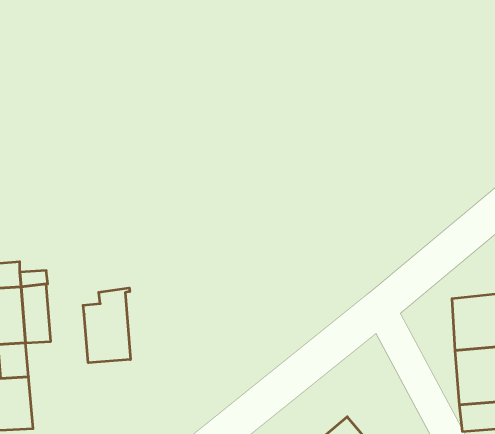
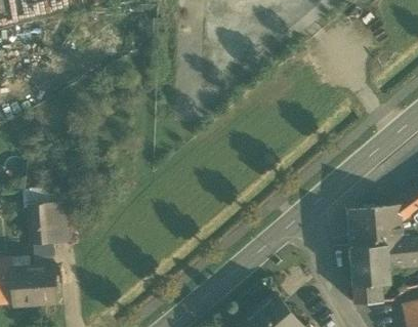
building: [83,288,130,363] -> none

